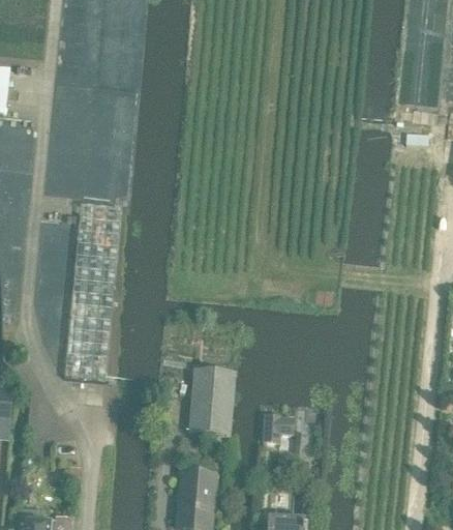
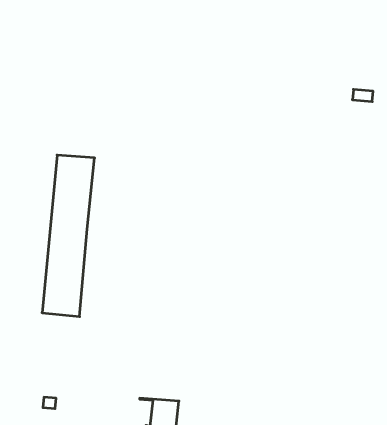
building: [190,369,236,434] -> none
building: [265,414,297,442] -> none

